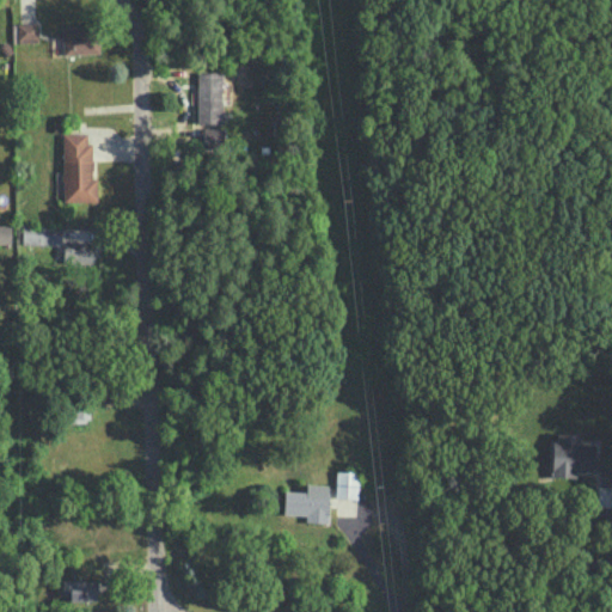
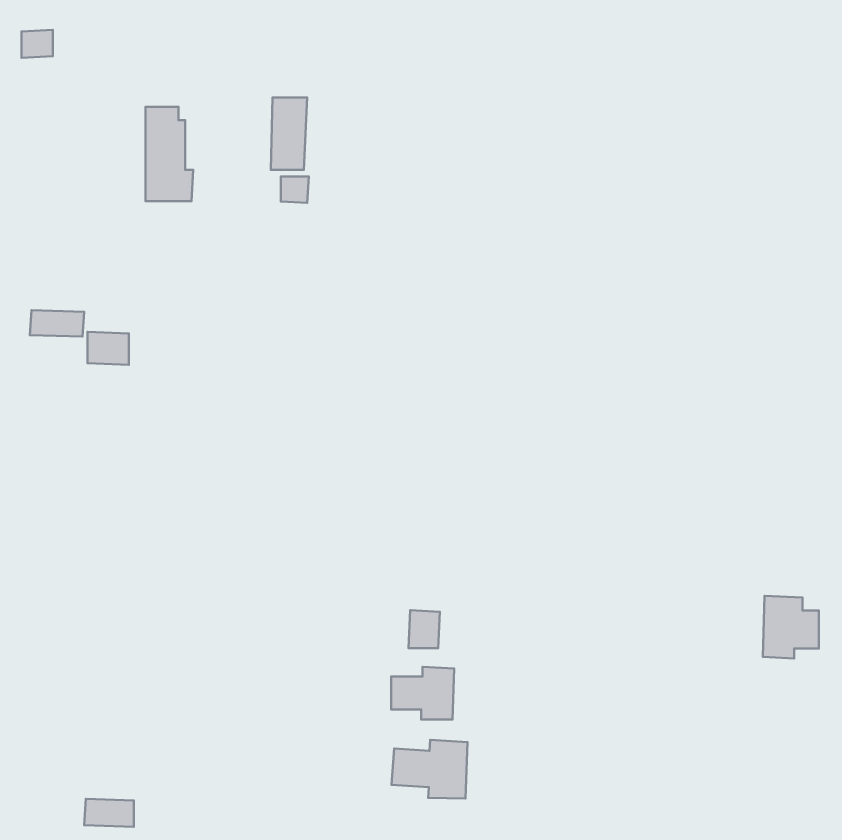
building: [62,27,100,56] -> none
building: [63,135,98,203] -> [145,107,193,201]
building: [336,472,359,500] -> [409,610,440,648]
building: none -> [392,740,467,798]

